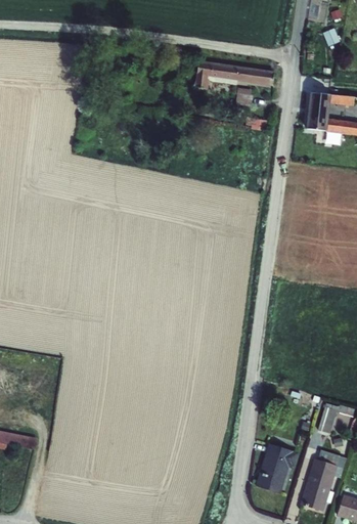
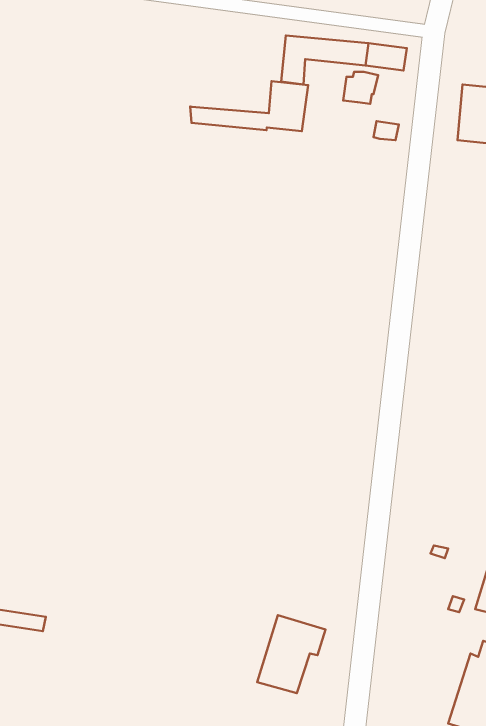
building: none -> [190,81,308,131]
building: [255,444,299,494] -> [257,615,326,693]

